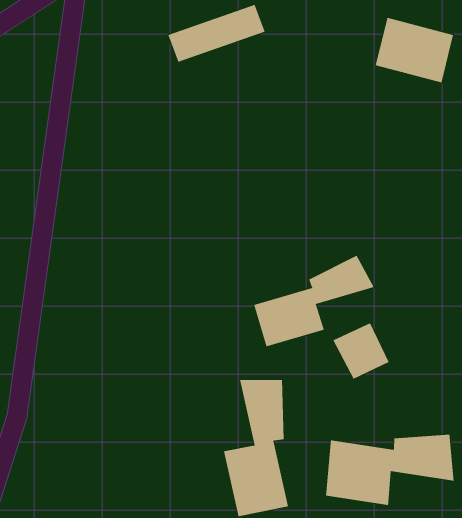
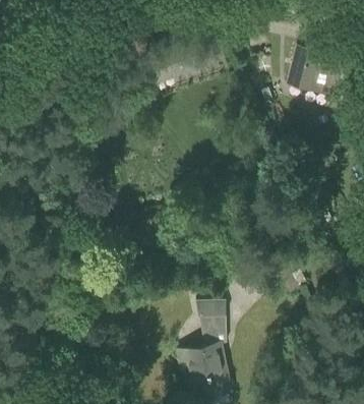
building: [254,255,375,347] -> none
building: [326,434,454,506] -> none

